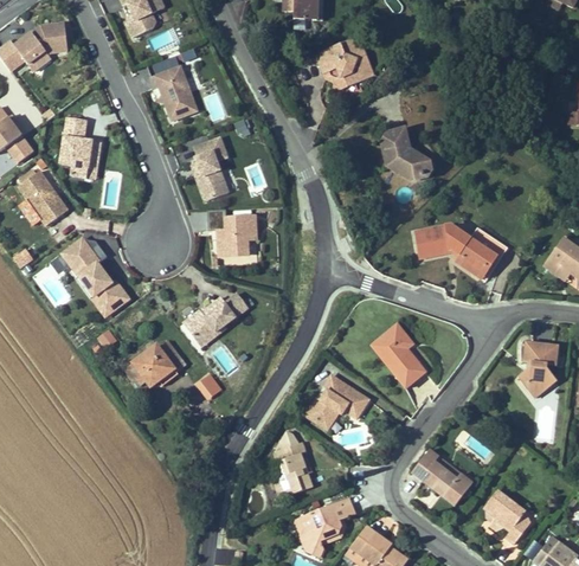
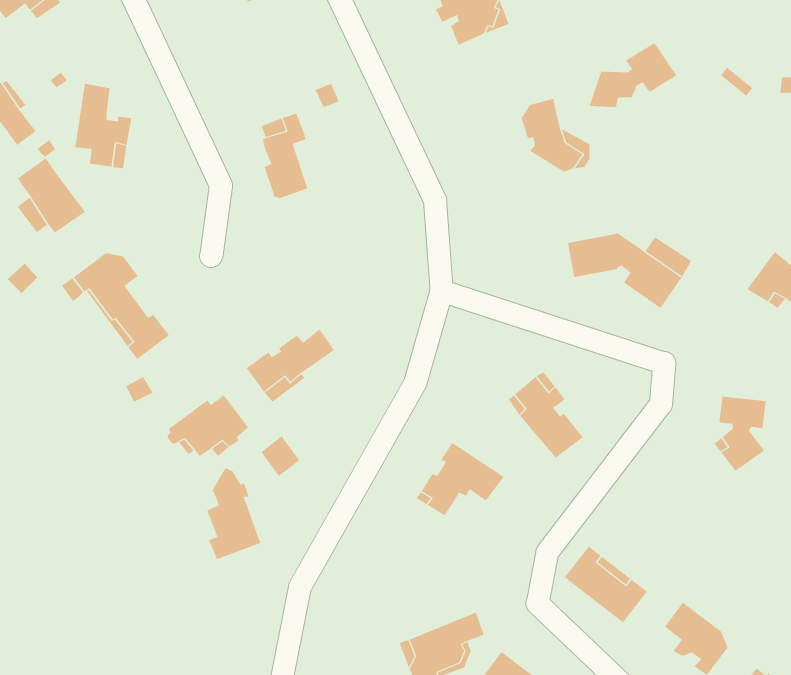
building: [152,65,198,120] -> none
building: none -> [589,42,677,108]
building: [207,208,256,256] -> none
building: [274,431,313,497] -> [207,468,261,560]

